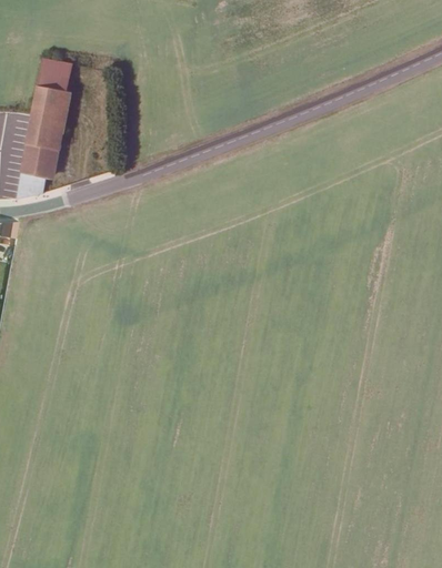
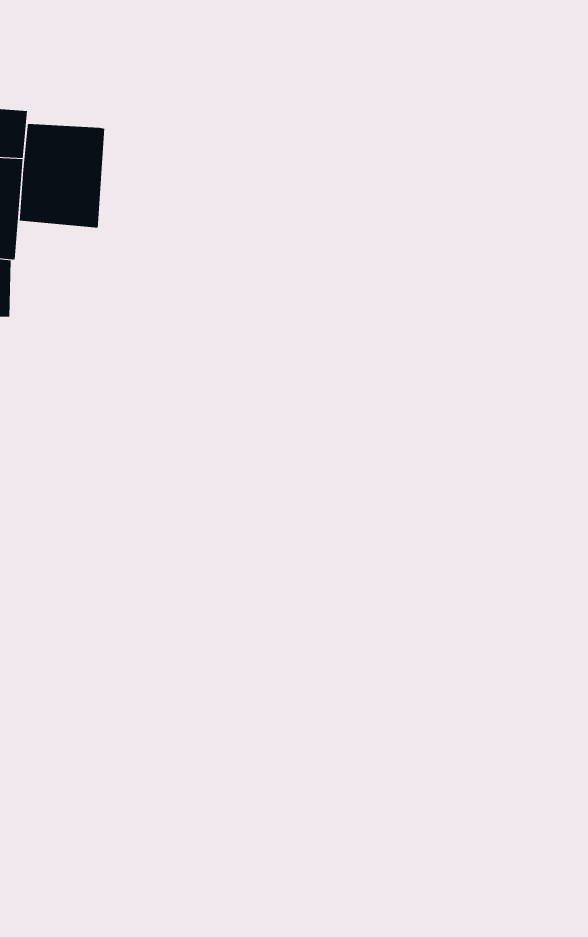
building: none -> [19,123,105,229]

